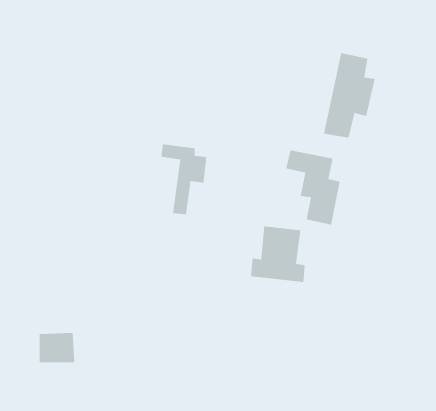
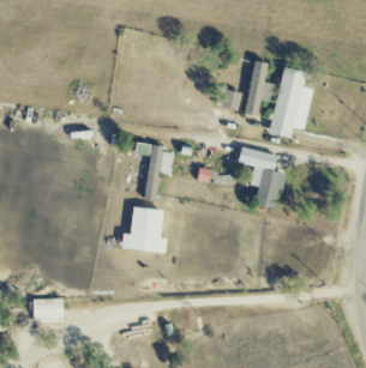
building: none -> [244,60,275,116]
building: [250,226,305,282] -> [121,206,167,253]

